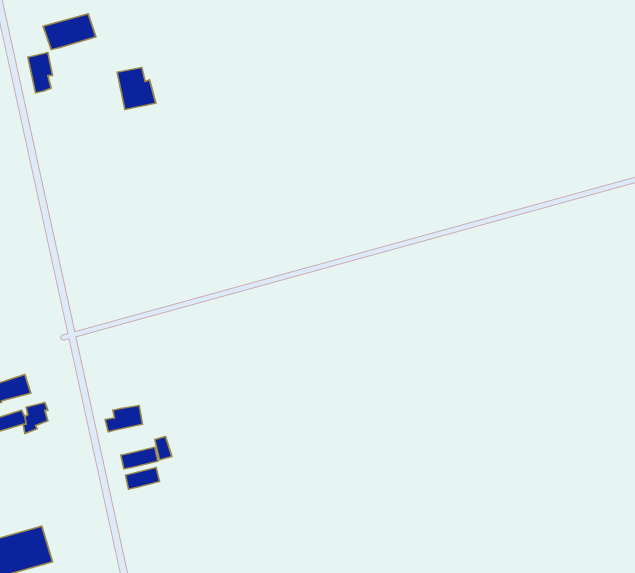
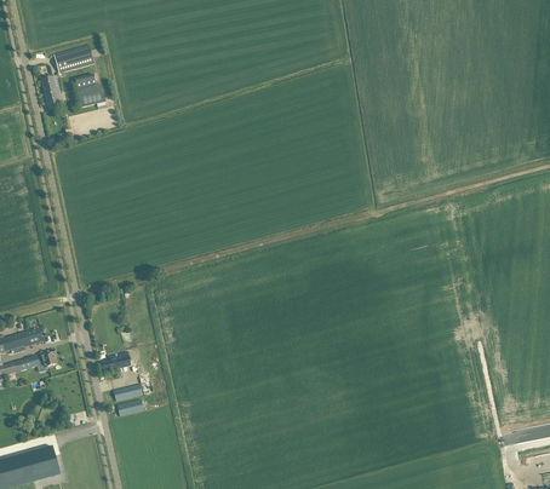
building: [117,68,156,109] -> [73,74,103,107]

